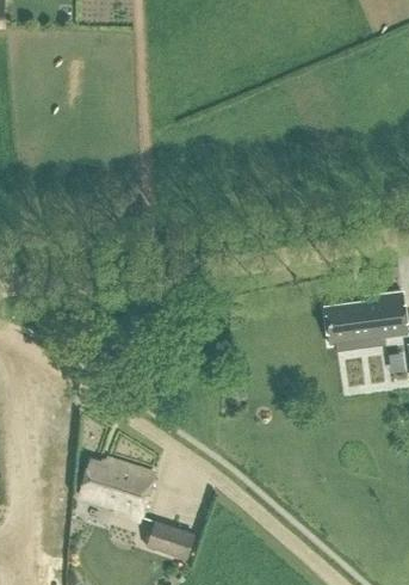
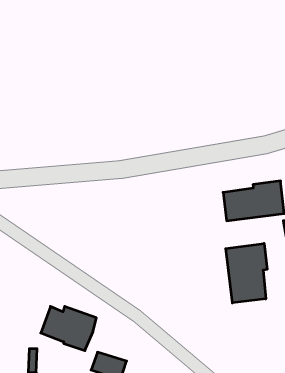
building: none -> [226,243,267,303]

